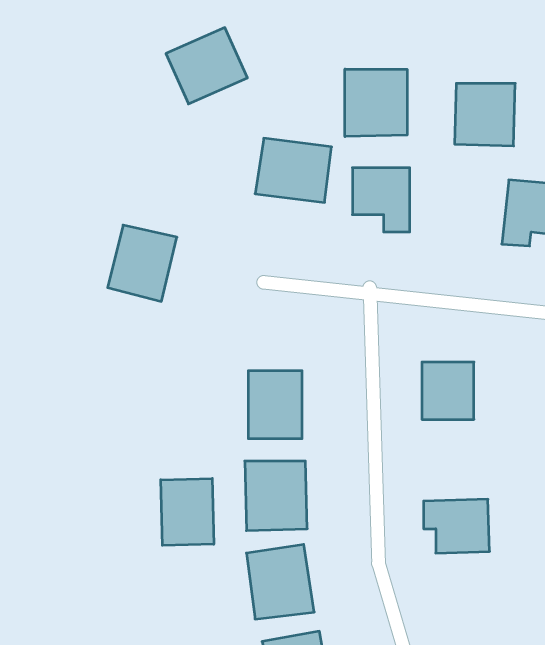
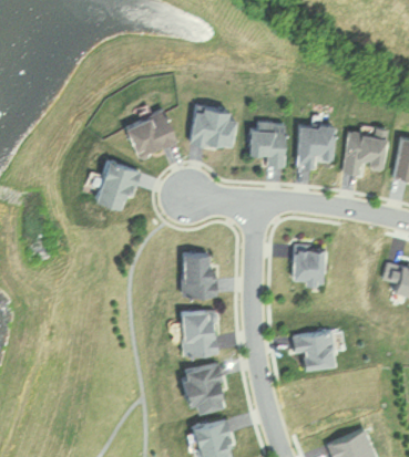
building: [166,28,247,104] -> [122,108,174,157]
building: [345,69,407,137] -> none
building: [455,83,515,146] -> [296,124,335,164]
building: [161,478,214,545] -> none

